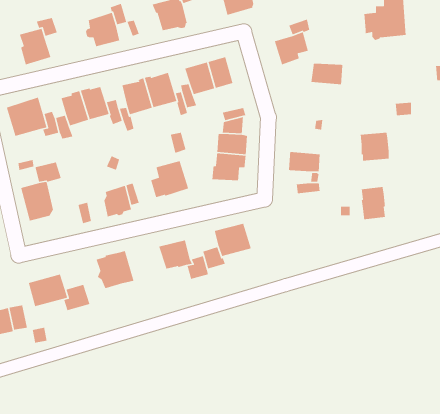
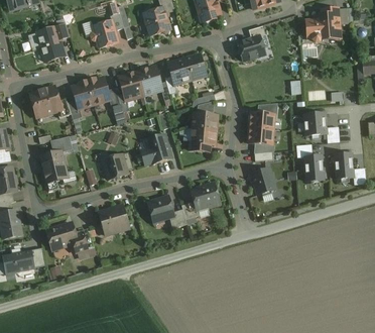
building: [311,63,343,85] -> [249,113,274,130]
building: none -> [335,153,354,179]
building: none -> [251,169,275,197]

